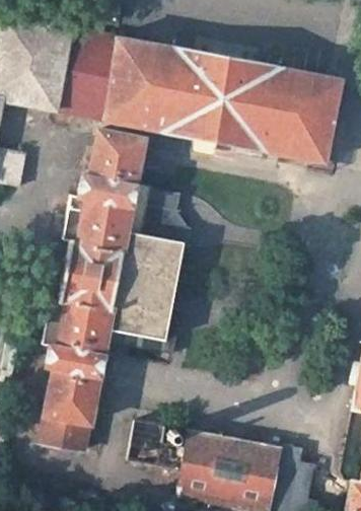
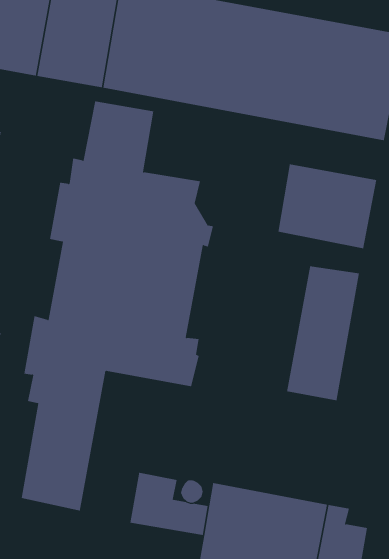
building: none -> [278,163,377,249]
building: none -> [287,266,360,401]

